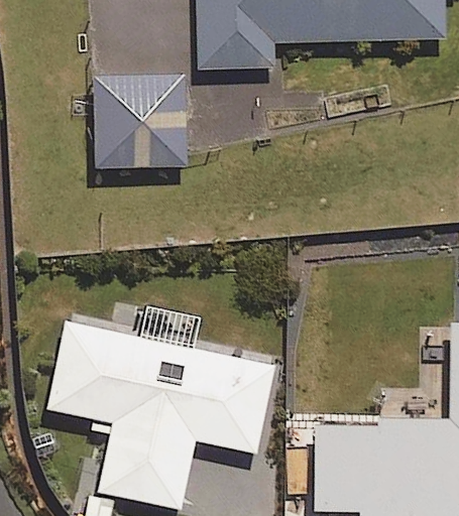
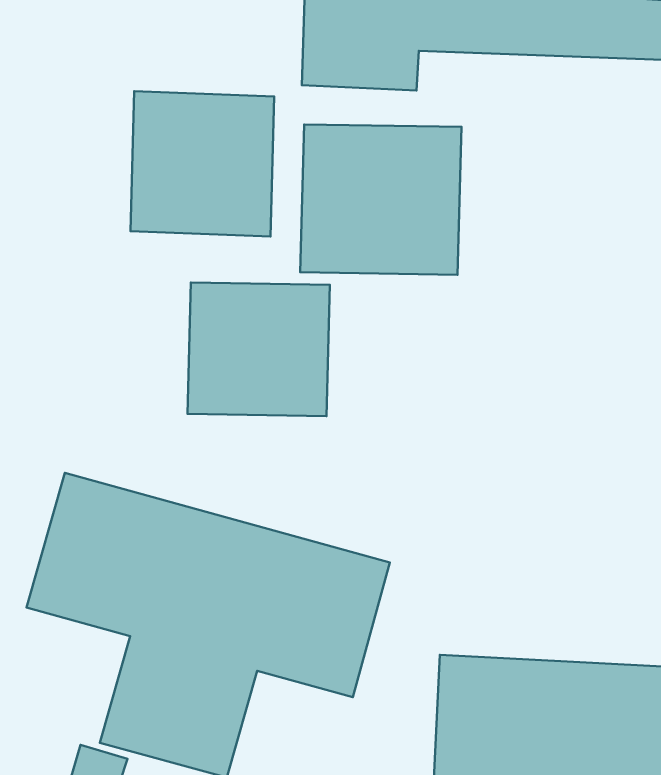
building: none -> [300,125,461,275]
building: none -> [187,283,330,416]

